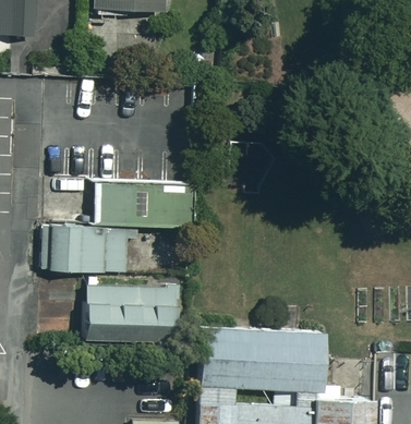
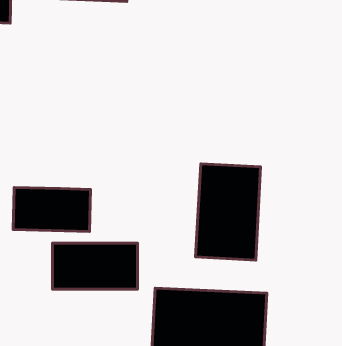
building: [95,180,196,223] -> none
building: none -> [195,164,260,260]

